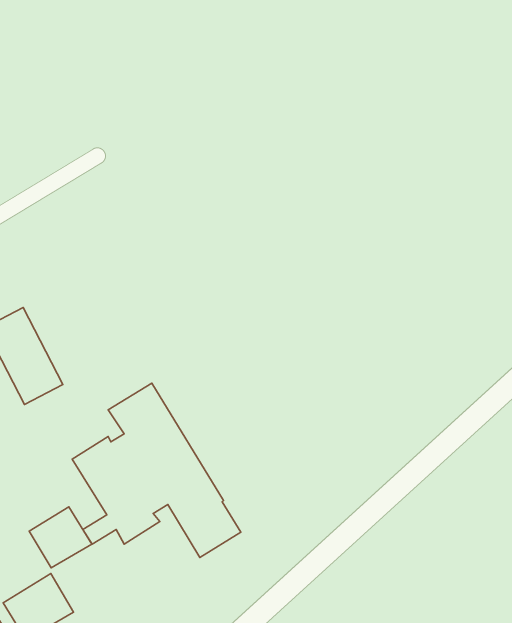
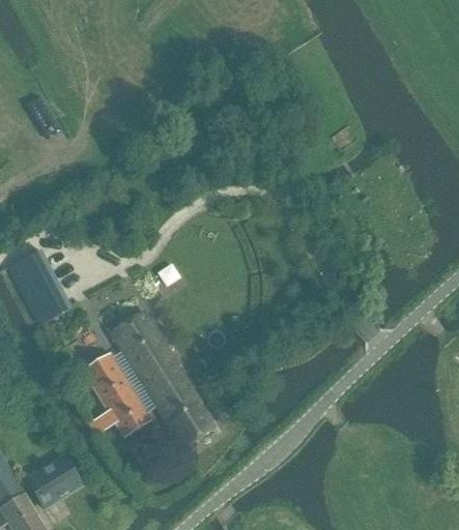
building: [29,507,92,568] -> none

